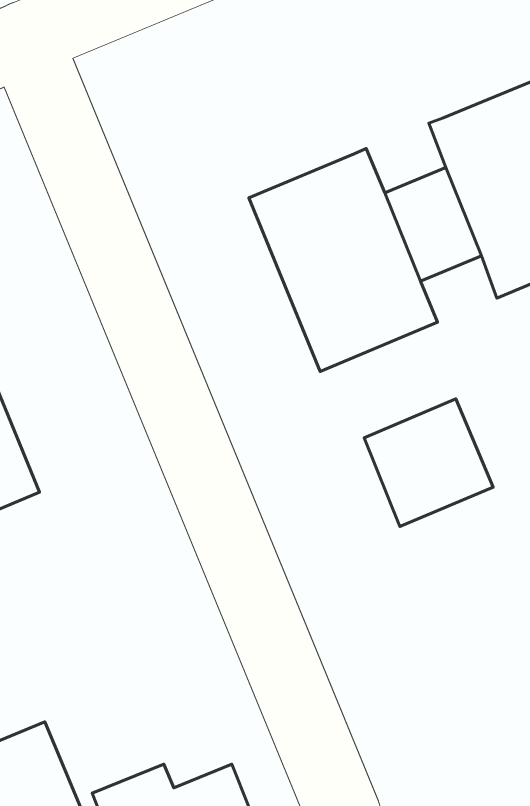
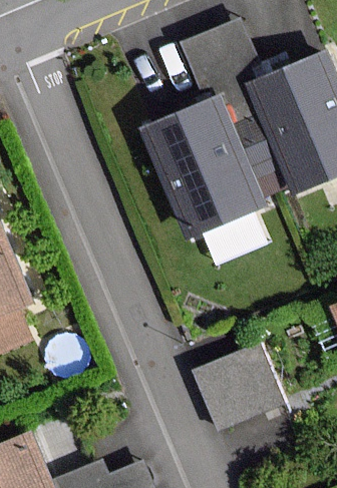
building: none -> [188,22,267,125]
building: [364,399,493,526] -> [203,348,279,423]

